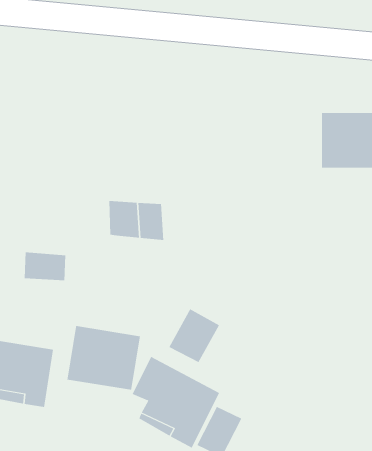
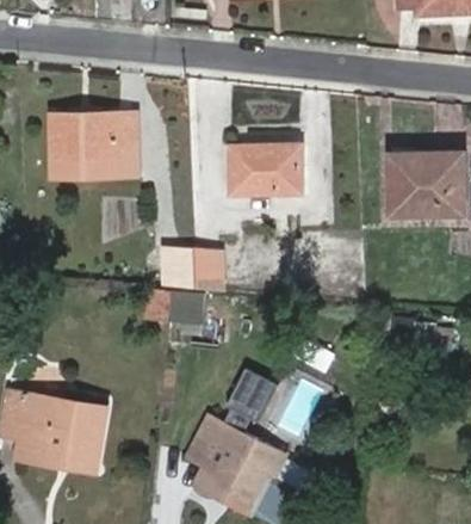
building: none -> [50,113,136,177]
building: none -> [229,144,297,193]
building: [24,252,66,281] -> [157,289,203,320]
building: [67,325,140,391] -> none

